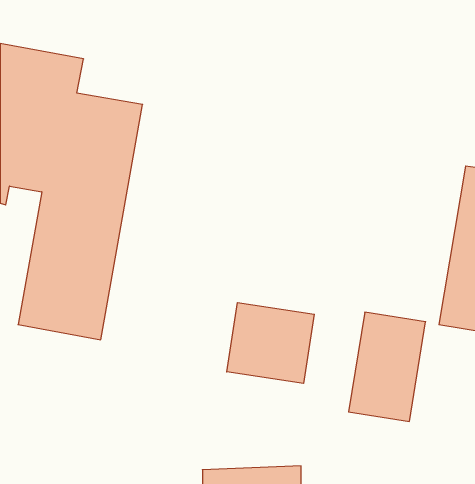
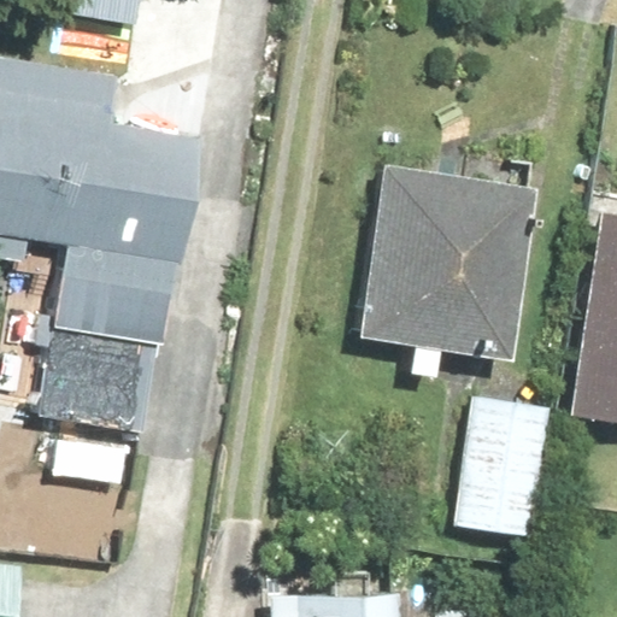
building: none -> [355,163,537,377]
building: [227,303,314,383] -> none

